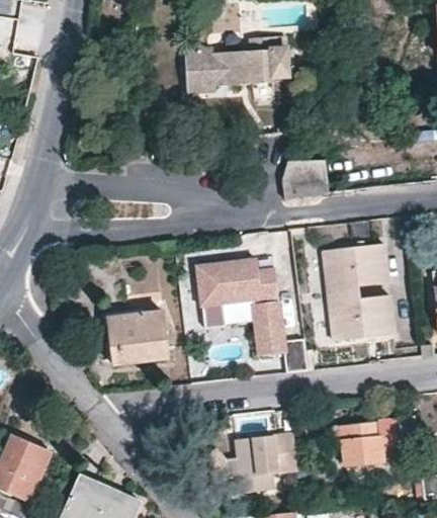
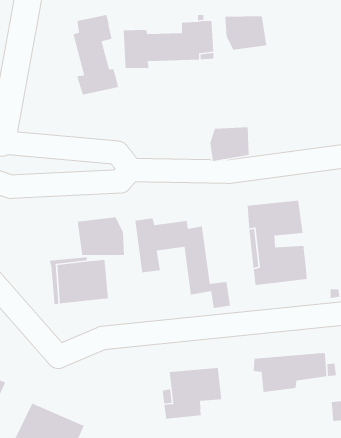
building: none -> [72,14,119,96]
building: none -> [225,16,267,50]
building: none -> [77,217,125,256]

